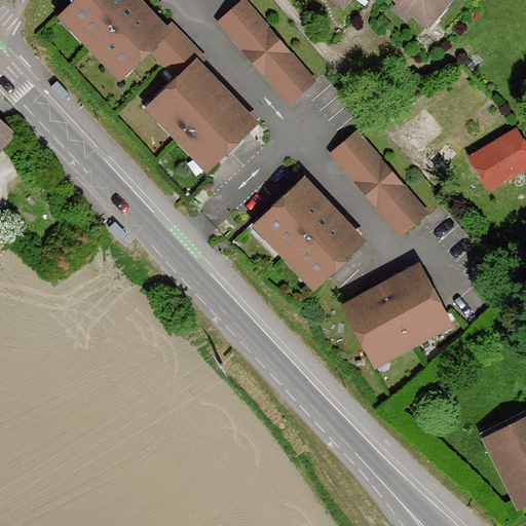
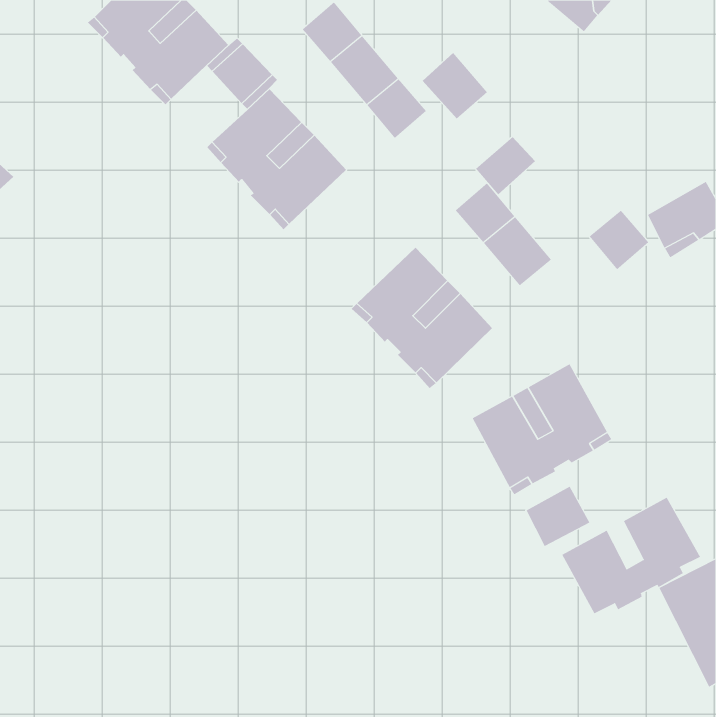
building: none -> [422,52,488,120]
building: none -> [475,136,536,195]
building: [380,190,424,234] -> [589,210,649,270]
building: none -> [526,486,590,547]
building: none -> [561,497,701,614]

